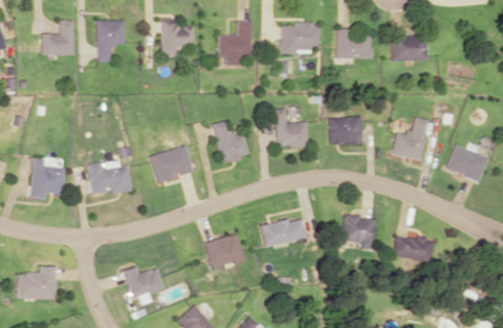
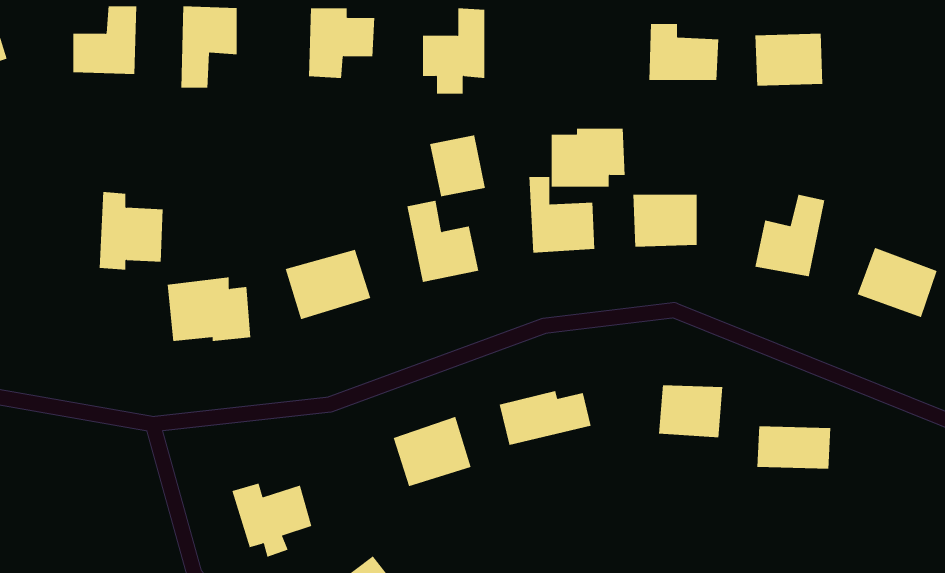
building: [282,22,321,53] -> [551,128,625,187]
building: none -> [430,135,486,197]
building: [30,157,64,198] -> [99,192,164,270]
building: [19,266,57,299] -> none

